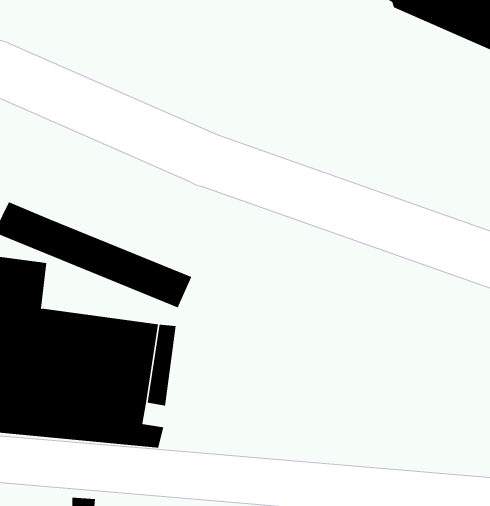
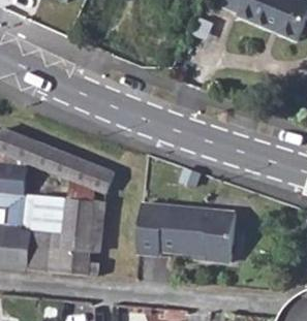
building: none -> [135,203,234,263]

